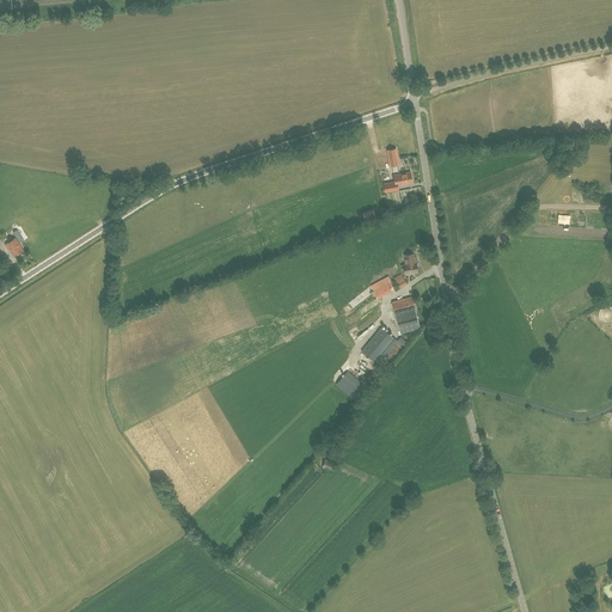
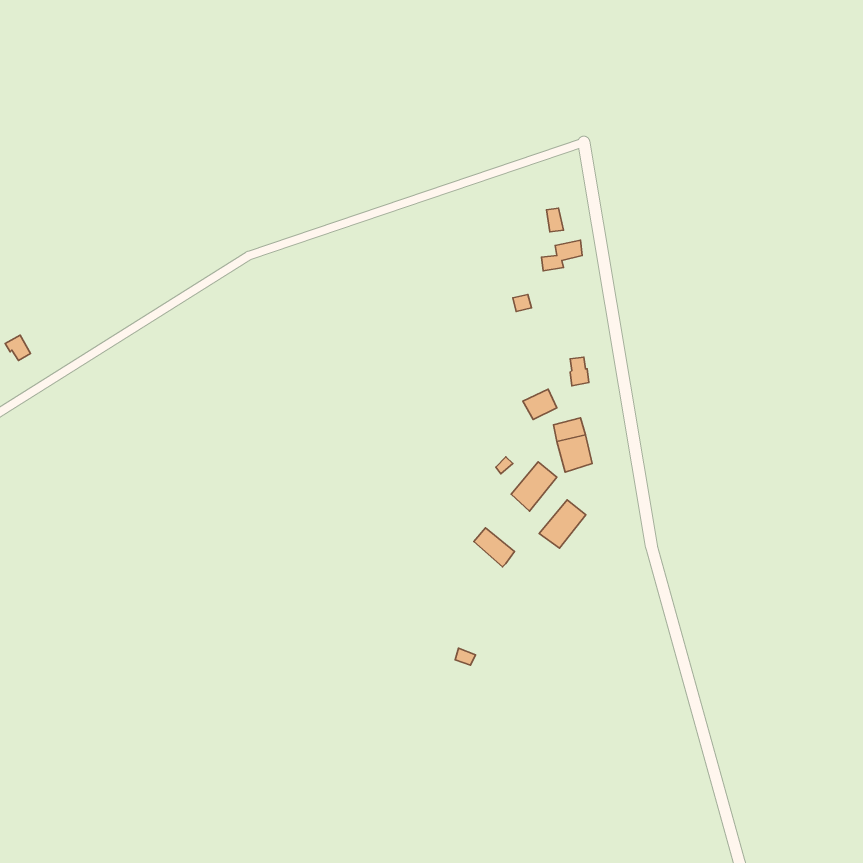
building: none -> [539,500,586,548]

